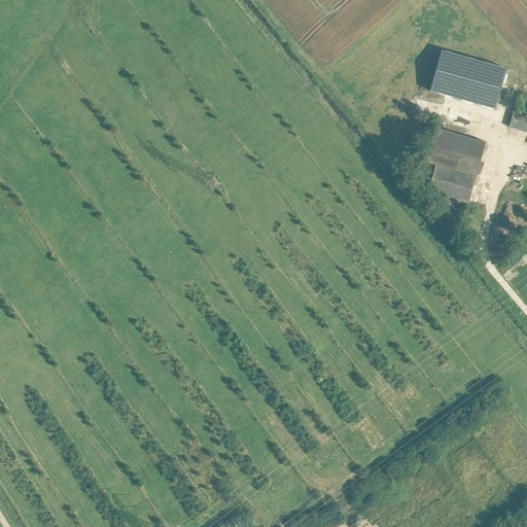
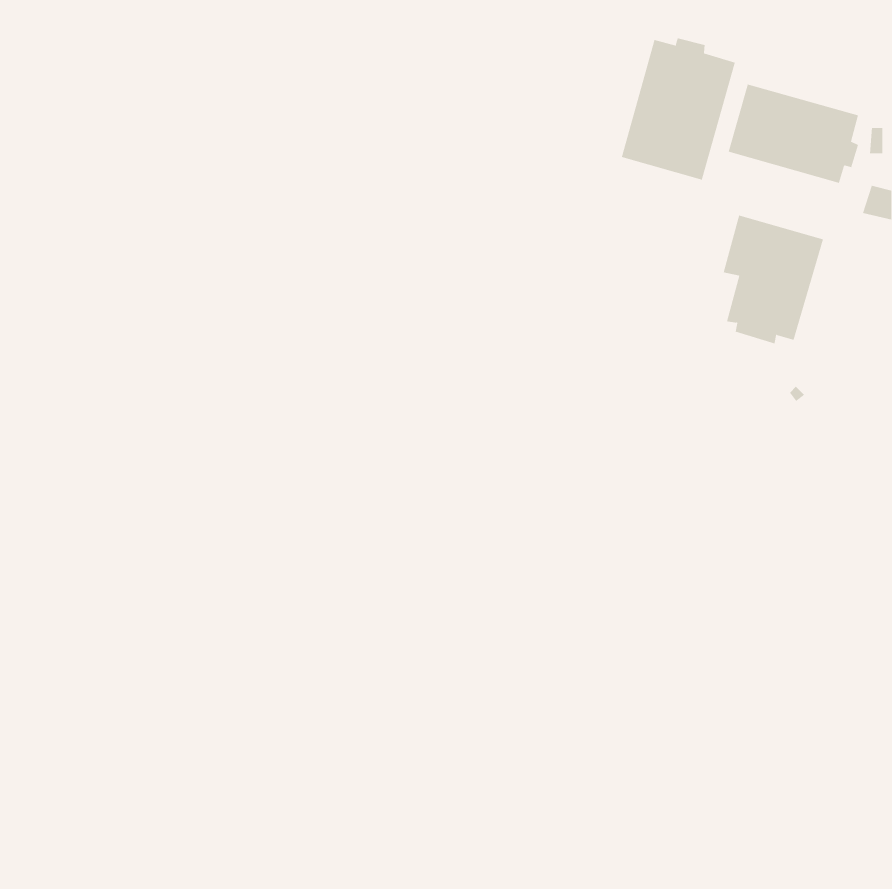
building: none -> [621,38,736,180]

